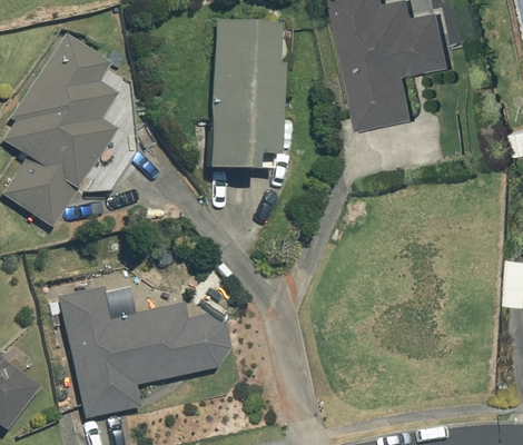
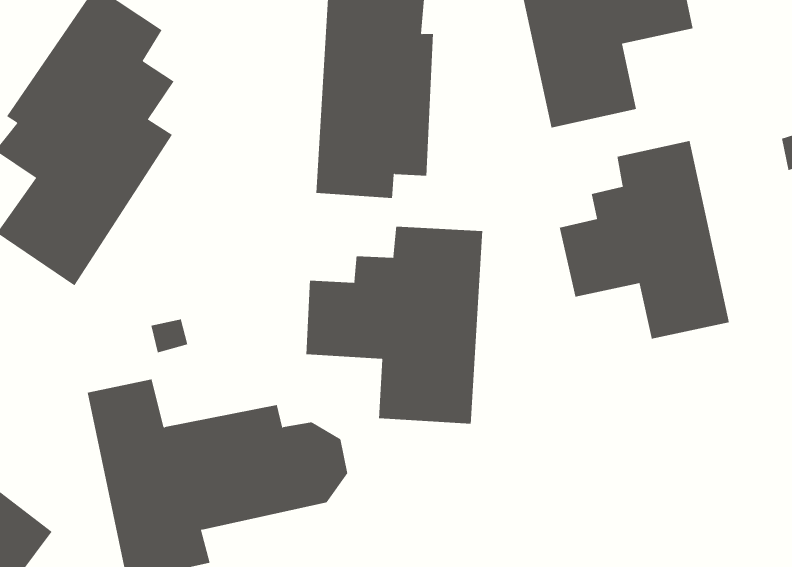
building: none -> [559,140,730,340]
building: none -> [306,226,483,424]

